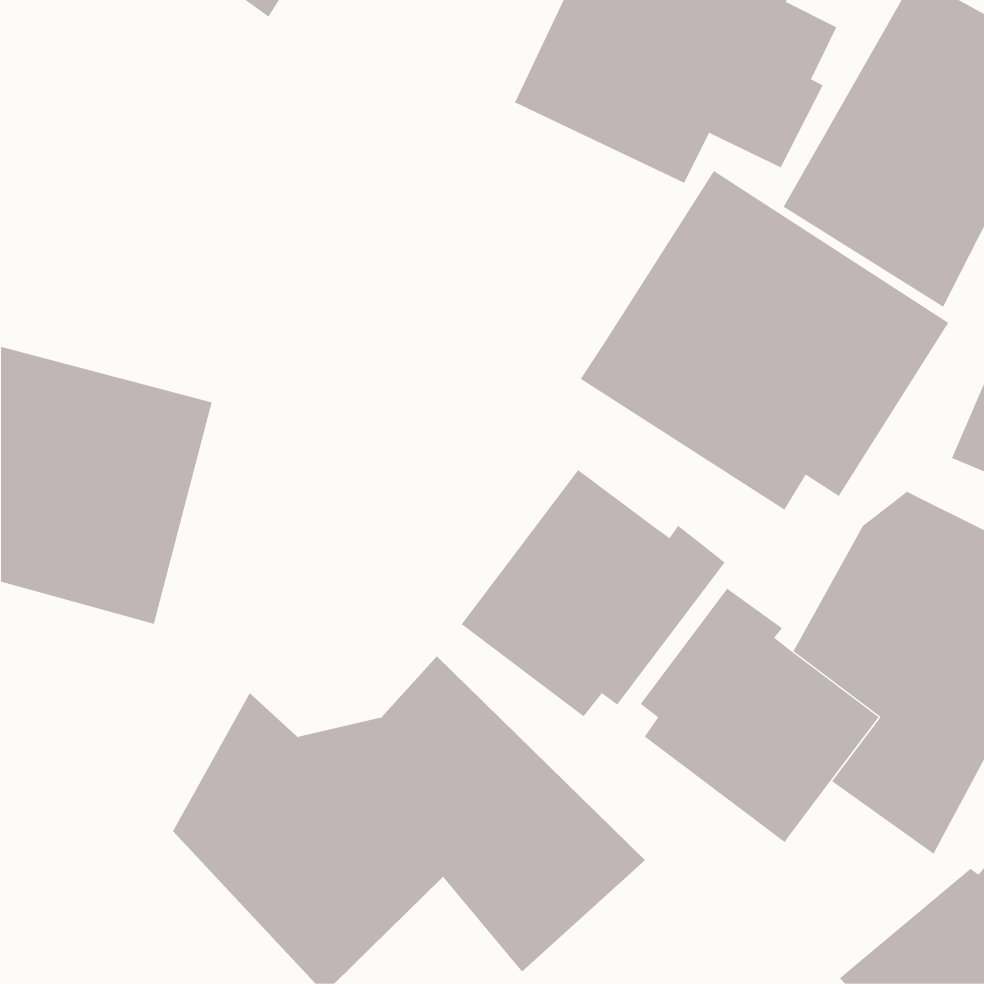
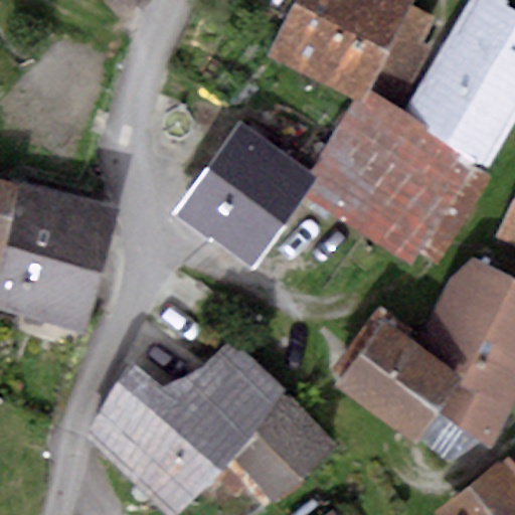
building: none -> [173,122,317,268]
building: [461,469,725,717] -> none

